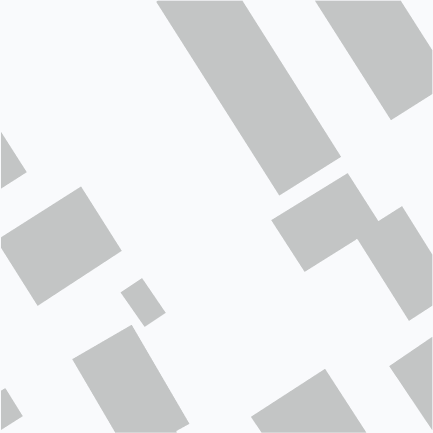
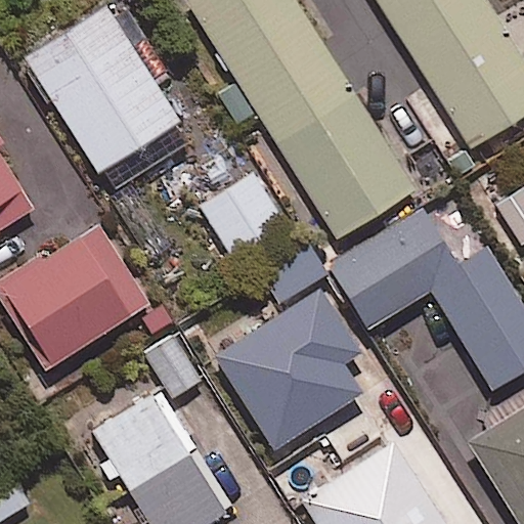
building: none -> [24,4,180,174]
building: none -> [200,172,285,257]
building: none -> [214,242,361,449]

